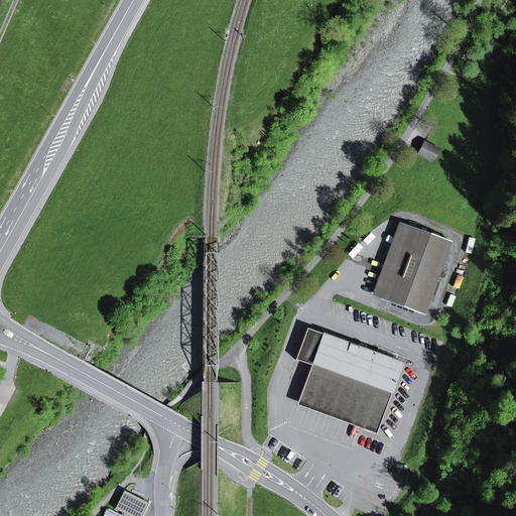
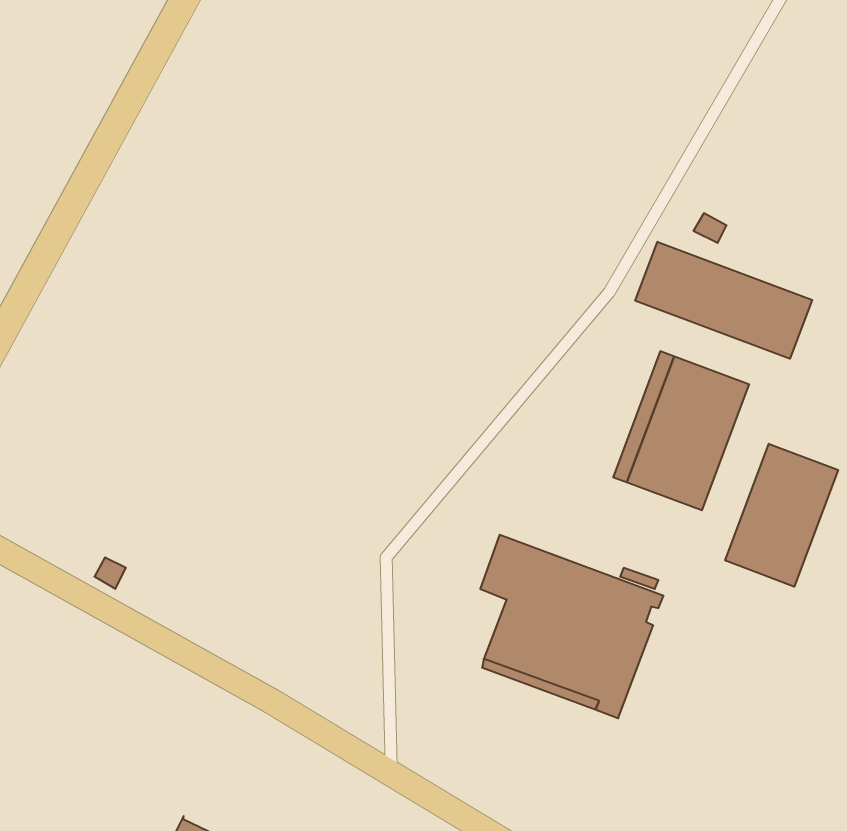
building: none -> [635,242,812,359]
building: none -> [725,444,838,587]

